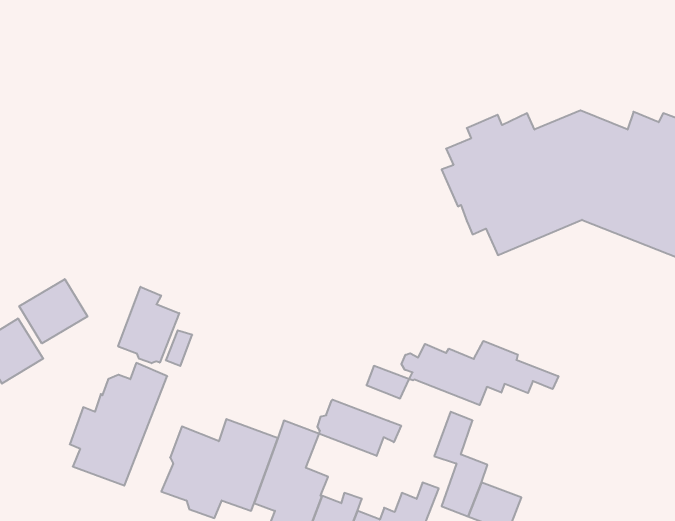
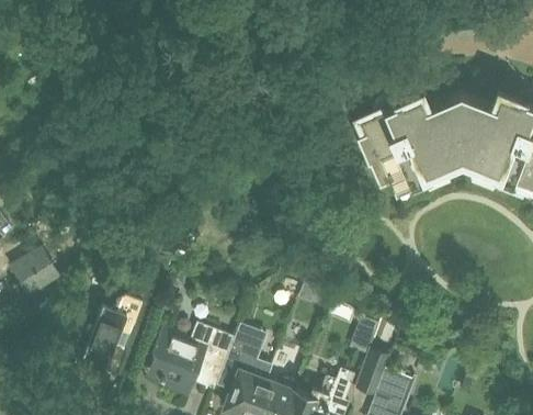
building: [19,279,87,343] -> none
building: [118,287,179,363] -> none
building: [401,341,558,405] -> none
building: [317,400,401,456] -> none

